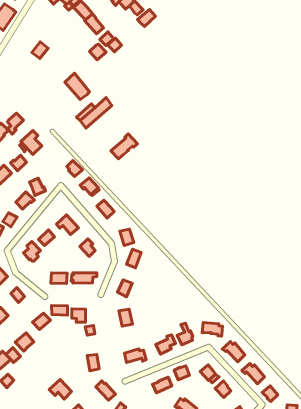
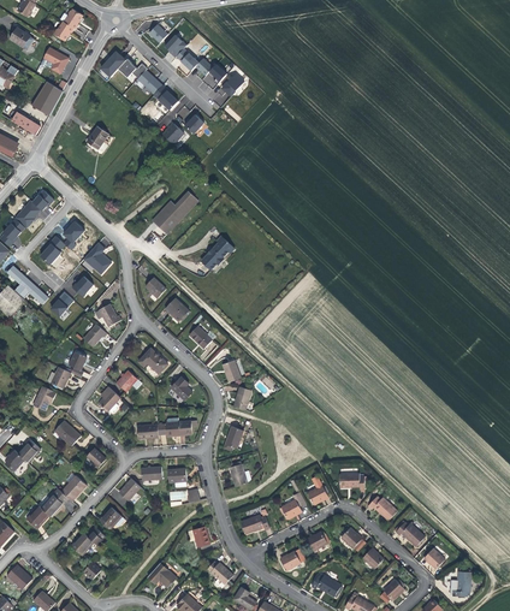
building: [65,73,90,100] -> none

